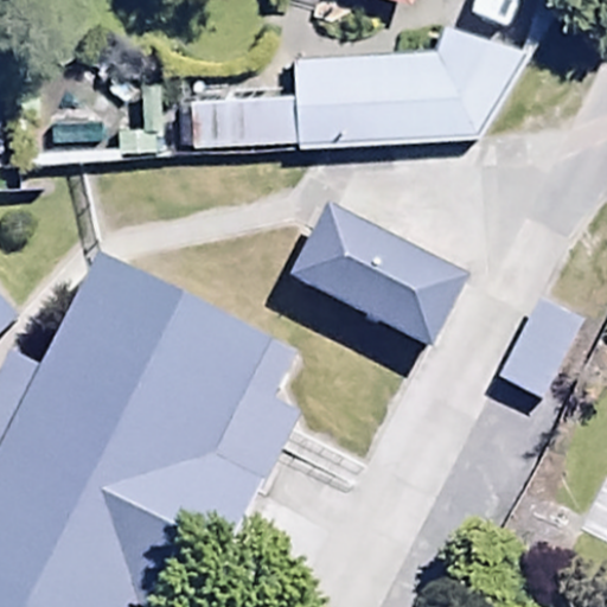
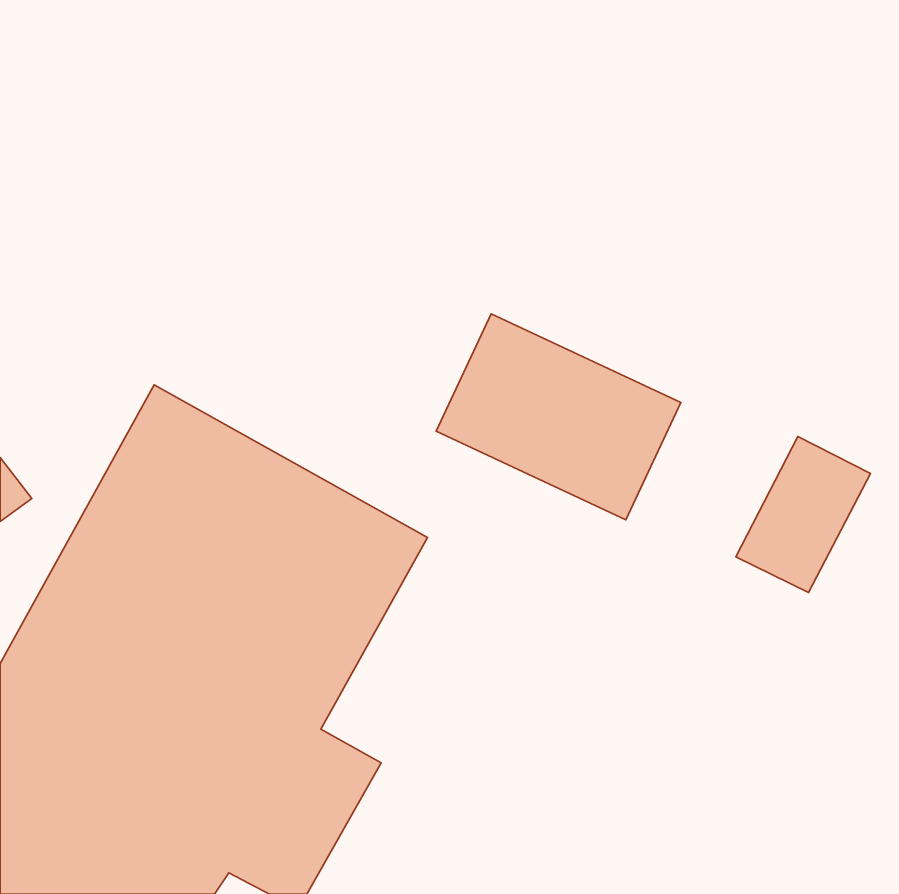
building: [189,18,530,141] -> none

